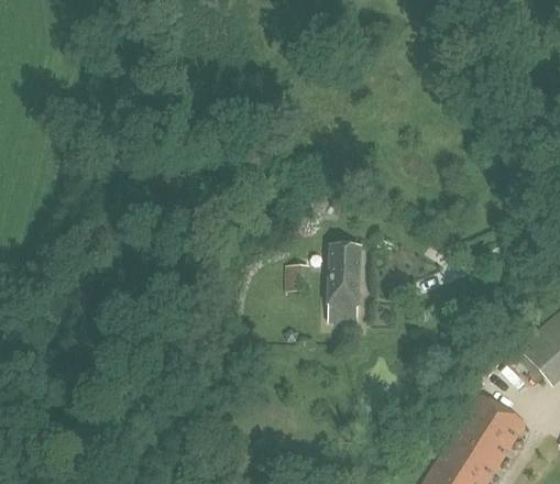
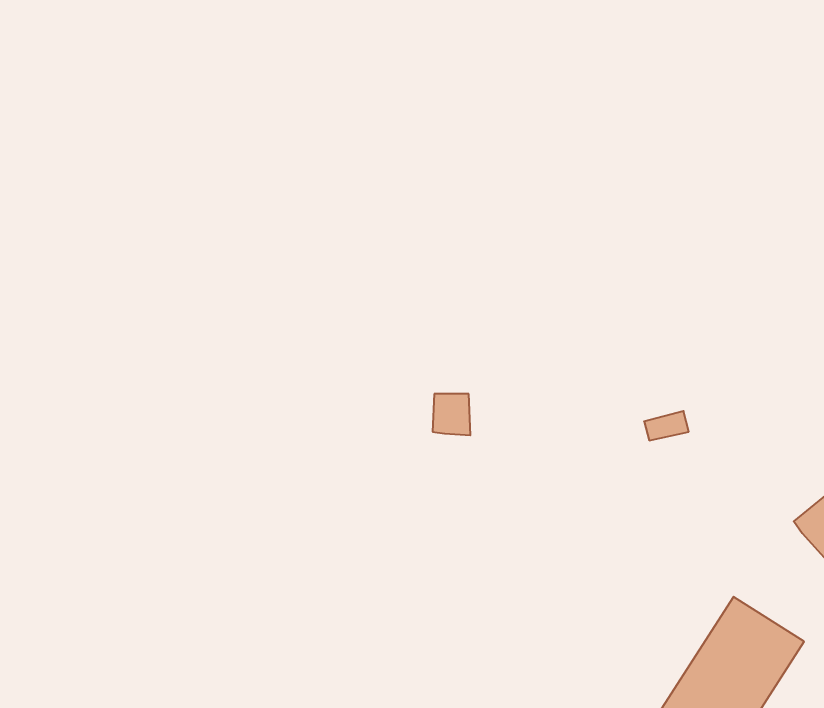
building: [326,246,360,321] -> none

